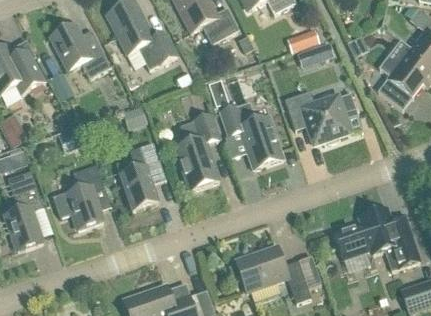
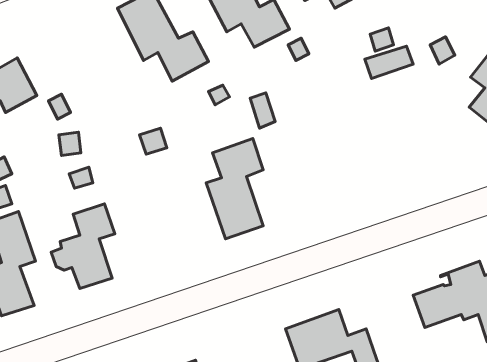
building: [51,22,111,77] -> none
building: [284,90,358,143] -> none
building: [221,100,283,168] -> none
building: [117,141,163,209] -> none

